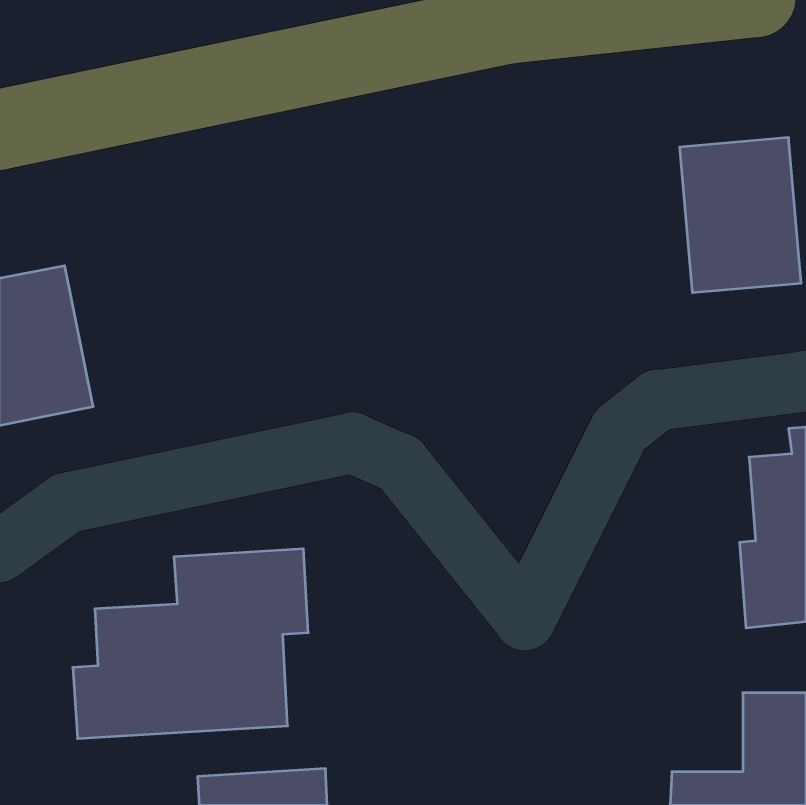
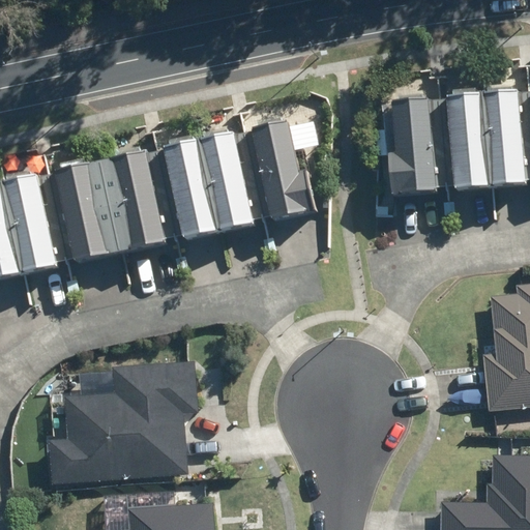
building: none -> [387,99,439,197]
building: none -> [247,119,311,223]
building: none -> [160,129,255,239]
building: none -> [56,151,167,263]

